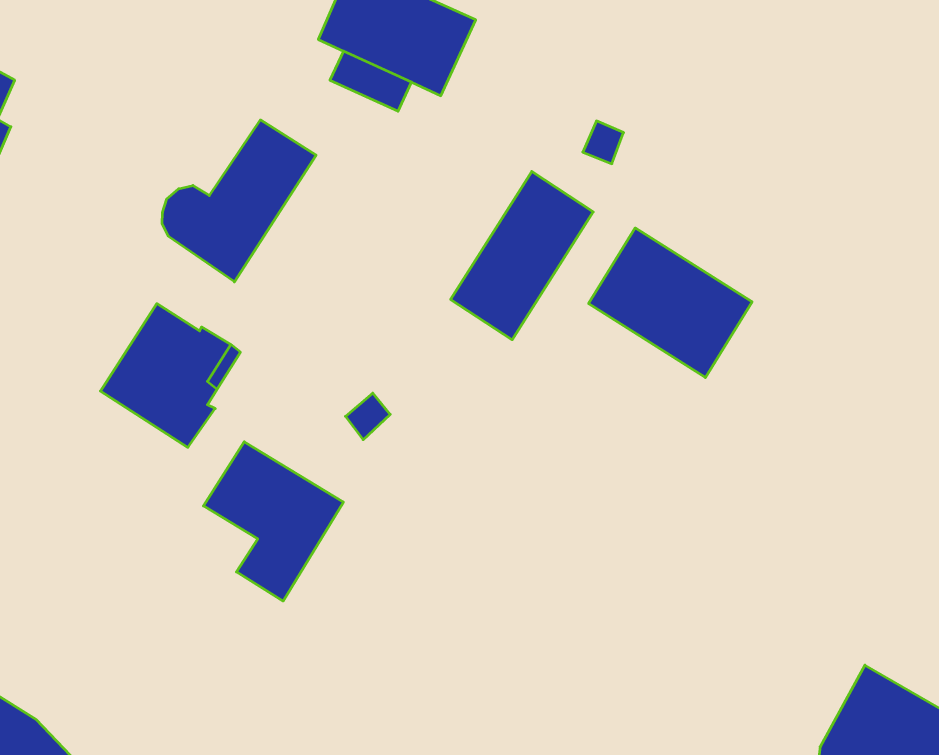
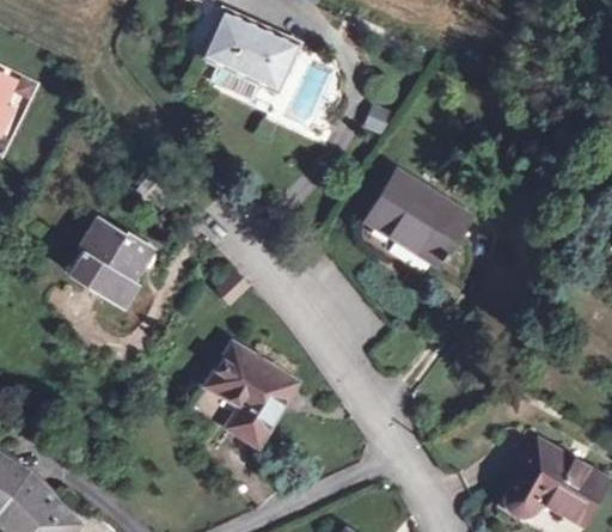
building: [162,120,316,282] -> none
building: [451,171,593,340] -> none
building: [203,442,343,601] -> [208,346,294,444]

